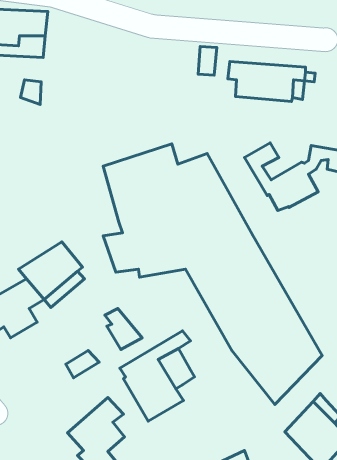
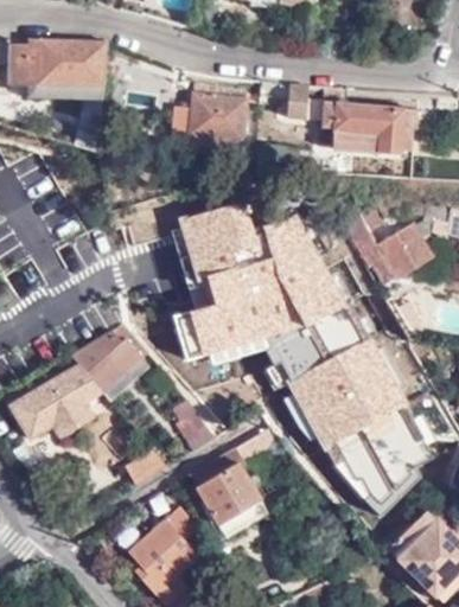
building: none -> [186,82,243,151]

